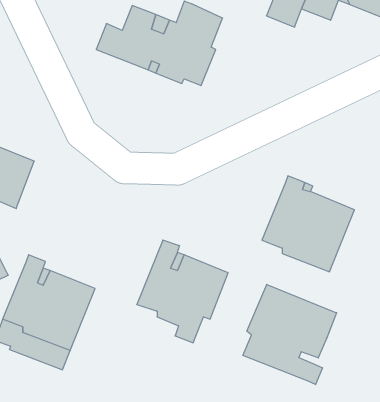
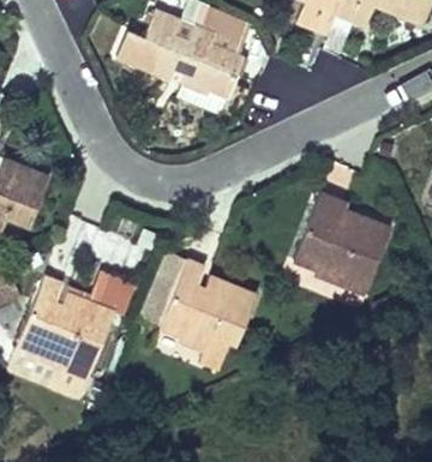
building: none -> [88,274,133,316]
building: [243,284,337,385] -> none

